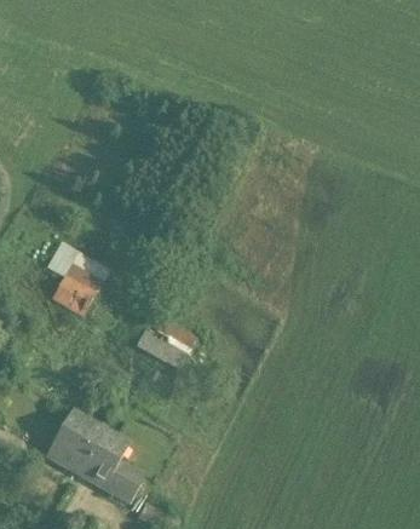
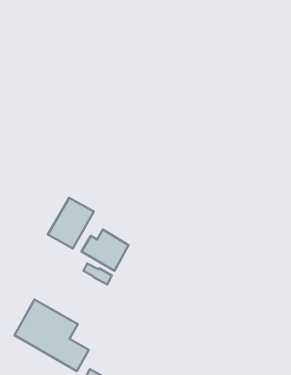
building: [48,249,109,316] -> [48,198,94,248]

